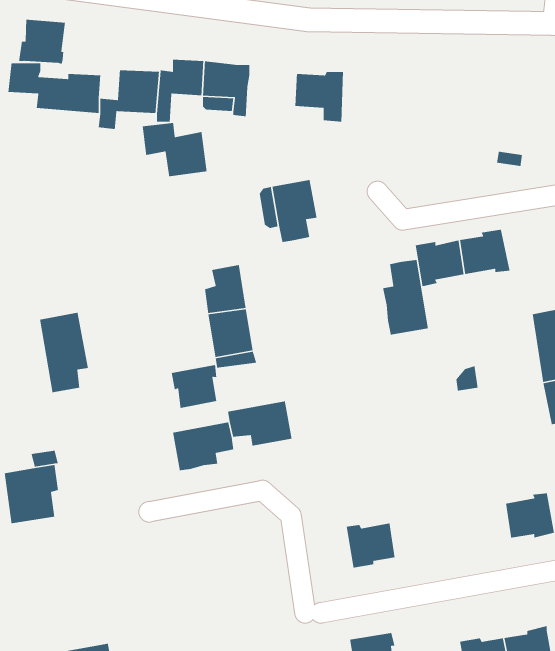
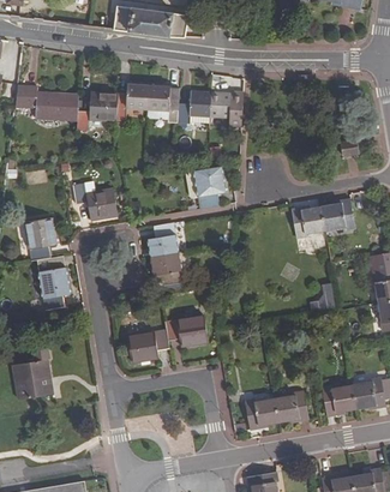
building: [18,19,66,65] -> none
building: none -> [178,91,211,122]
building: [142,122,207,177] -> [73,181,118,218]
building: none -> [25,217,56,260]
building: [382,259,429,336] -> none
building: [171,364,217,409] -> none
building: none -> [323,384,356,415]
building: none -> [275,390,310,421]

